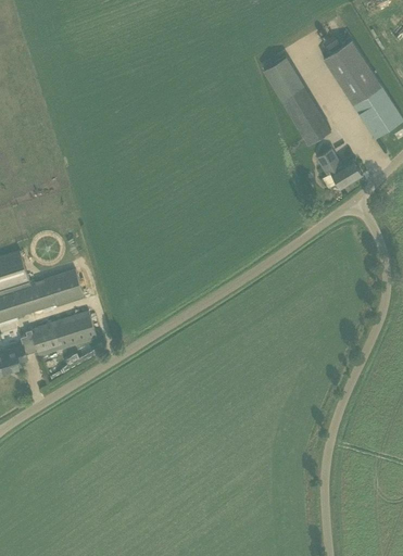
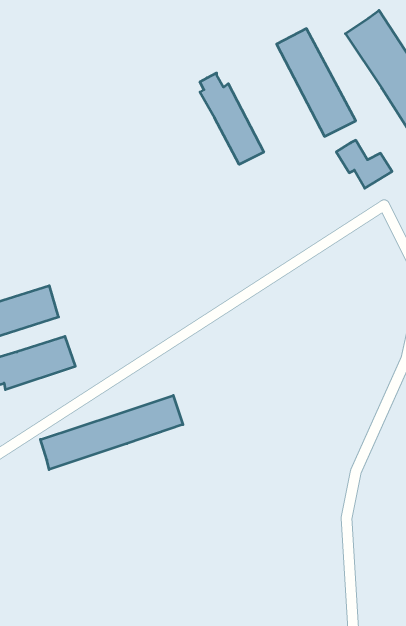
building: none -> [200,73,264,164]
building: none -> [40,395,183,470]

